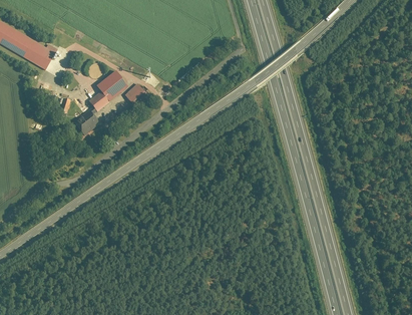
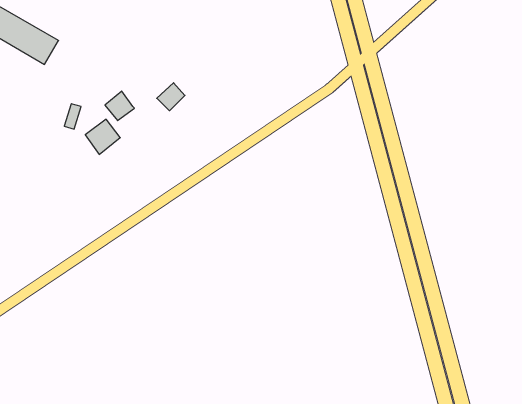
building: [97,68,129,100] -> none

